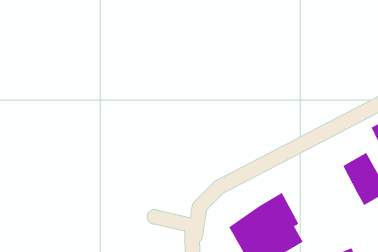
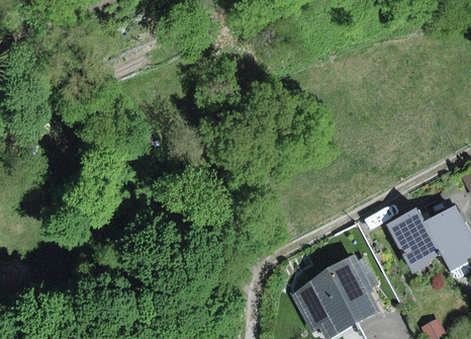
building: none -> [386,205,443,269]

